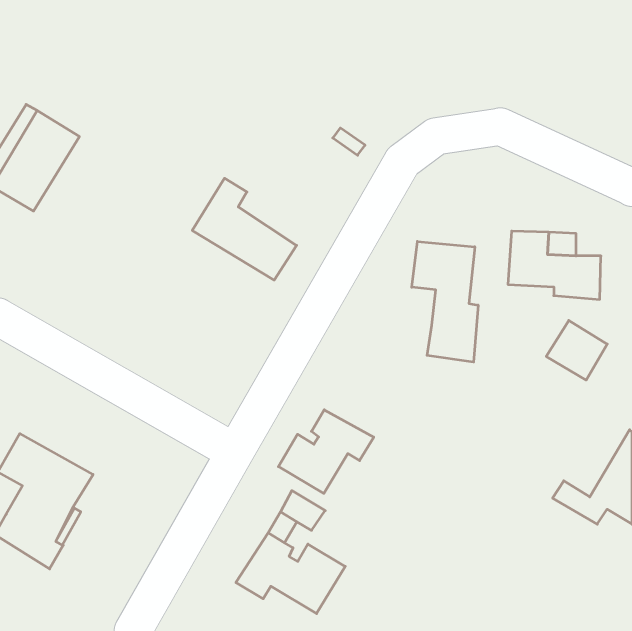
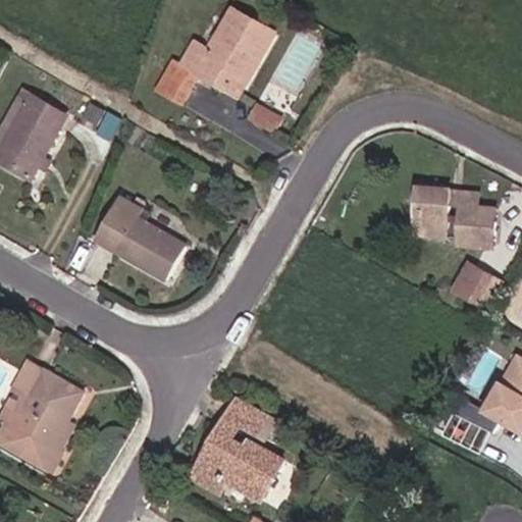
building: none -> [159,11,277,105]
building: [192,178,297,280] -> [98,188,184,271]
building: [412,241,478,362] -> none
building: [278,410,374,493] -> none

